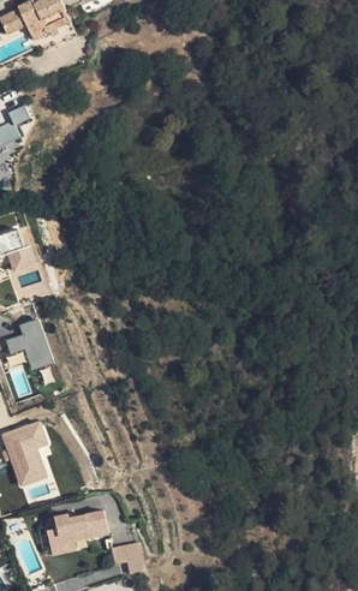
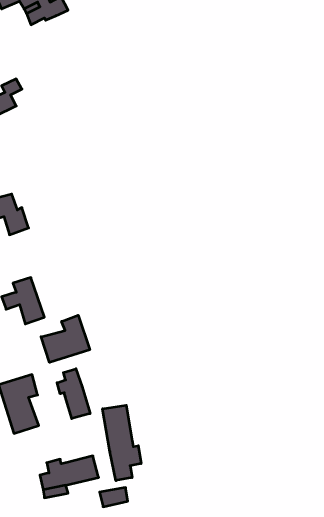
building: none -> [41,315,90,362]
building: none -> [57,369,90,419]
building: none -> [103,405,141,481]

